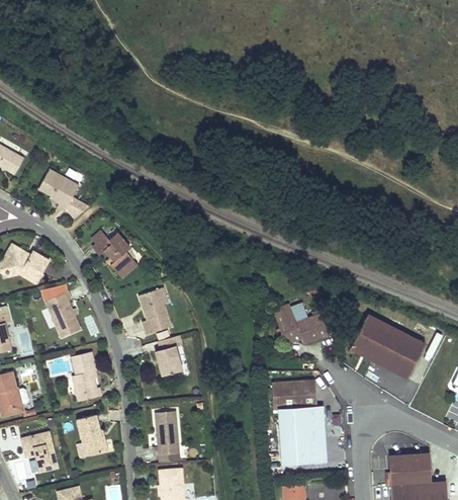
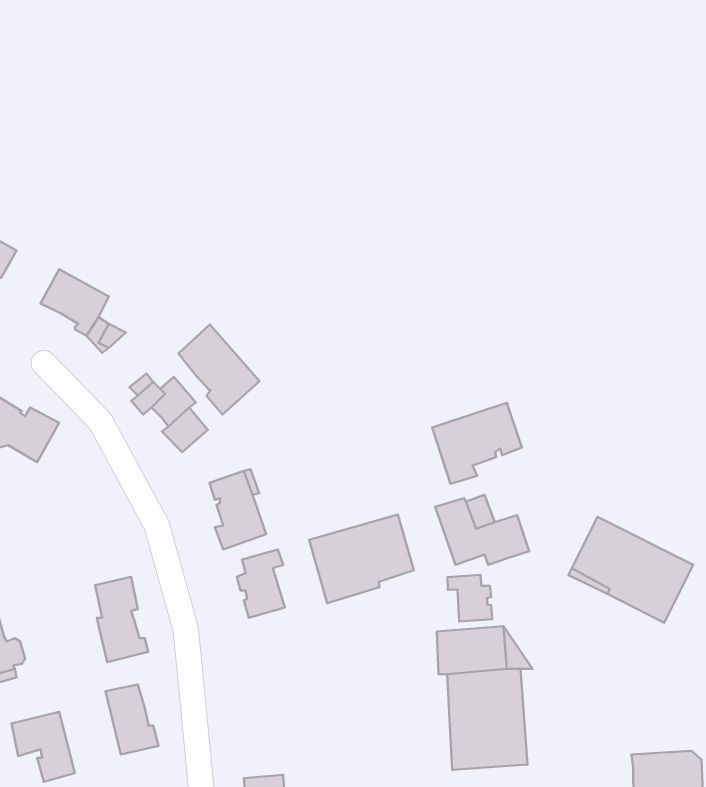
building: none -> [179,325,259,414]
building: none -> [432,403,522,484]
building: [44,291,81,338] -> none
building: none -> [309,515,414,603]
building: none -> [447,575,492,622]
building: [155,411,179,462] -> none

